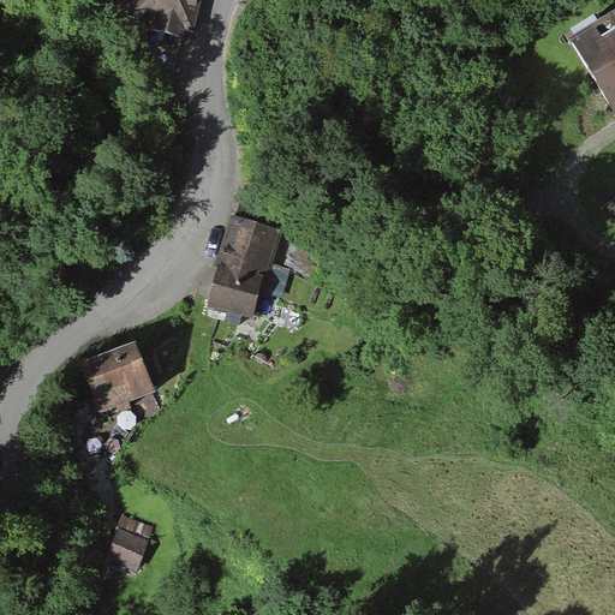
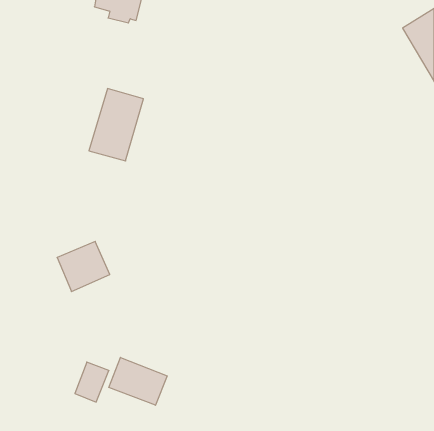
building: [210,216,287,318] -> [89,89,143,161]
building: none -> [109,357,167,405]

